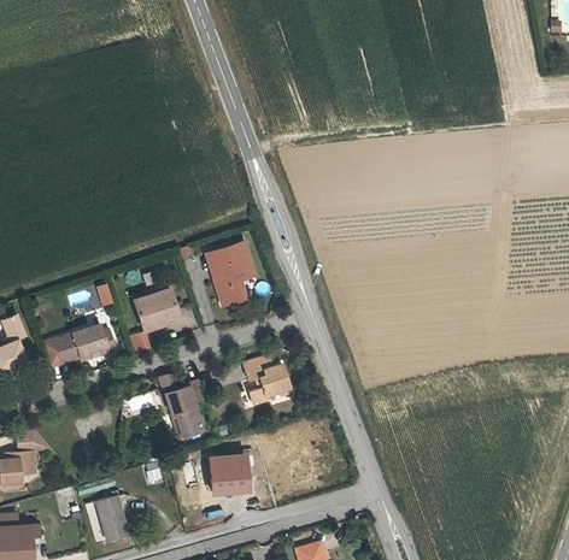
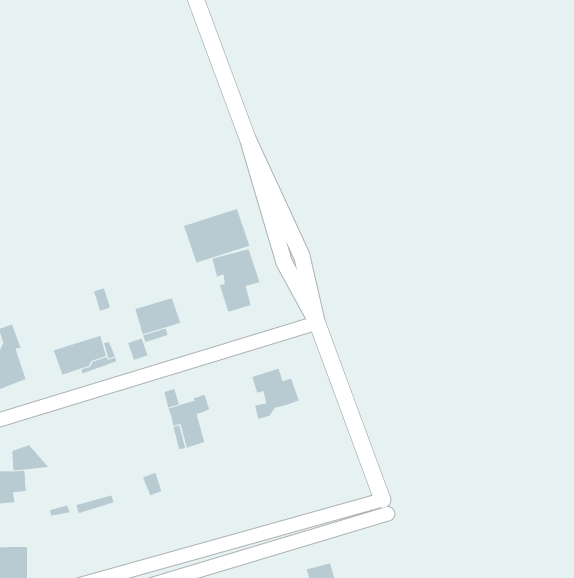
building: none -> [183,208,250,263]
building: [210,461,245,495] -> none
building: [98,495,129,542] -> none

